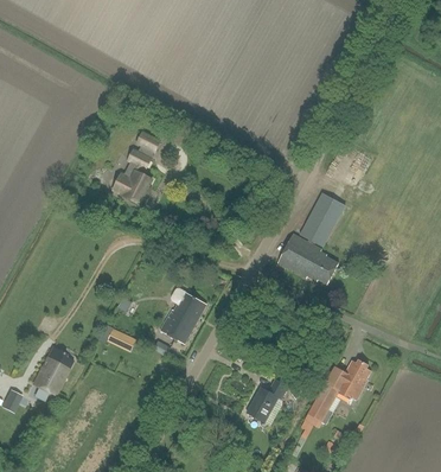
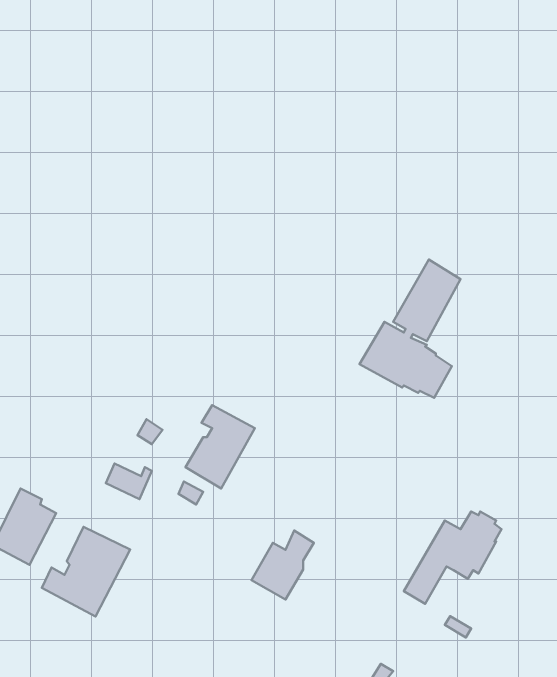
building: [111,129,162,206] -> none
building: none -> [42,527,130,616]
building: [245,378,287,425] -> [252,530,314,600]

